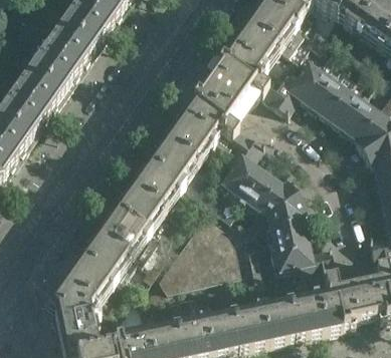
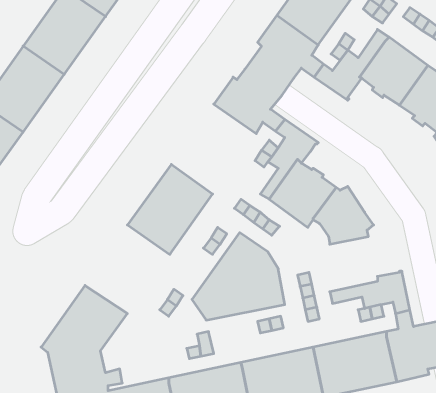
building: [149,112,215,183] -> none
building: [81,207,148,276] -> none
building: [264,216,310,259] -> none

